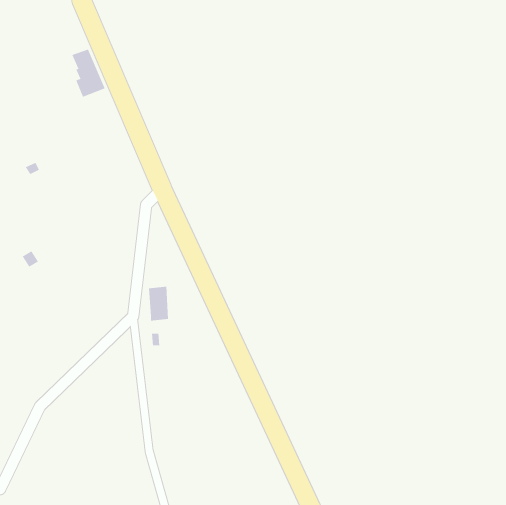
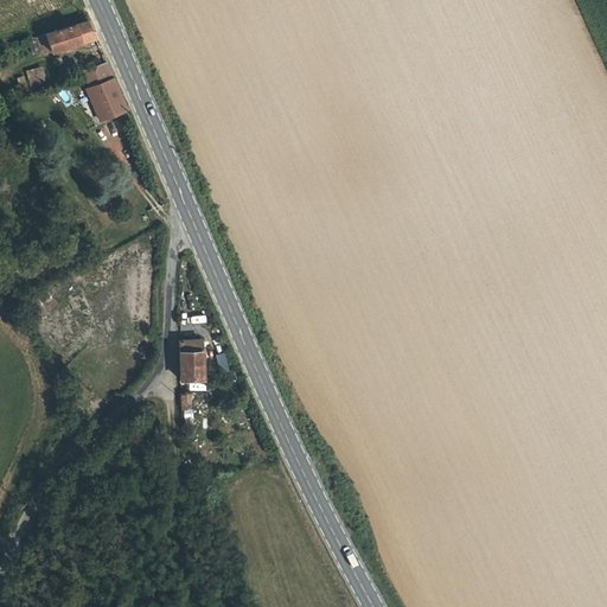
building: none -> [30,20,96,55]

